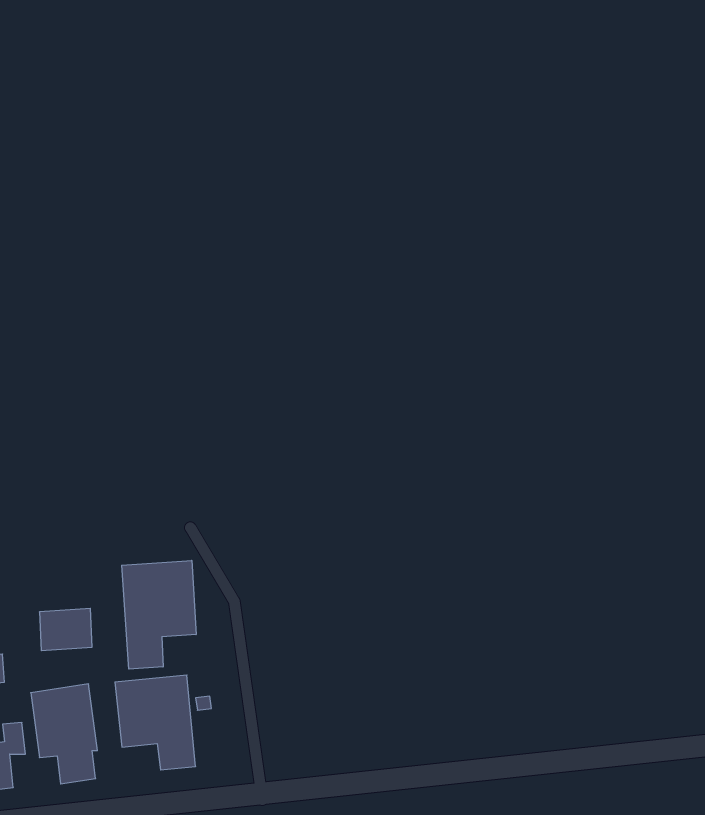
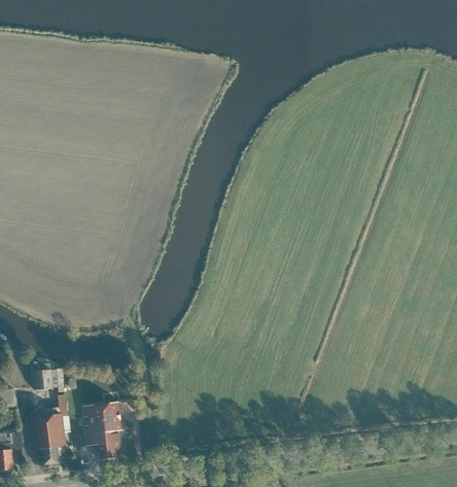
building: [122,560,196,669] -> none

